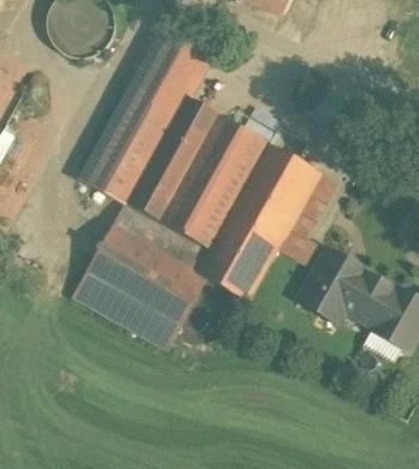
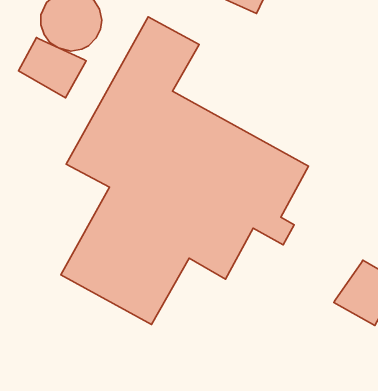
building: none -> [18,38,86,98]
building: [294,243,396,327] -> none

